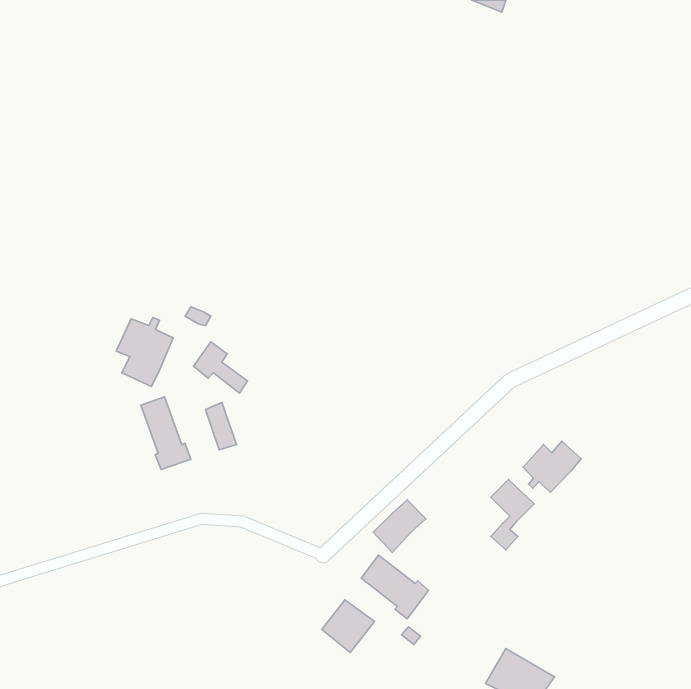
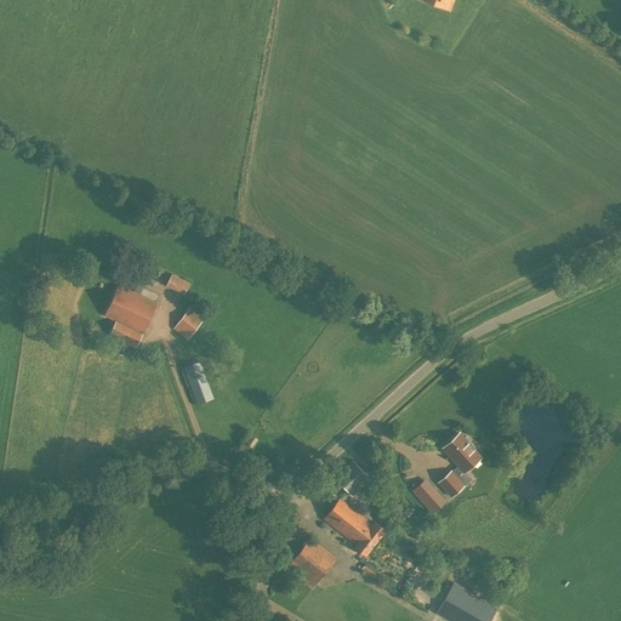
building: [141,397,191,469] -> none
building: [523,441,581,492] -> none
building: none -> [412,479,446,513]

